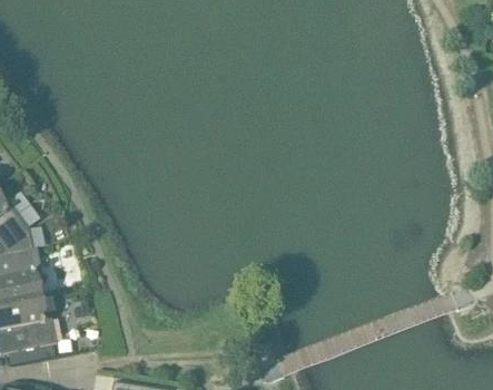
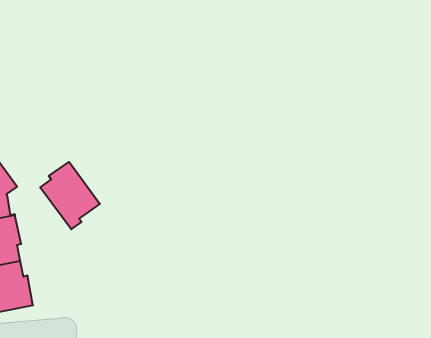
building: none -> [40,162,100,229]

